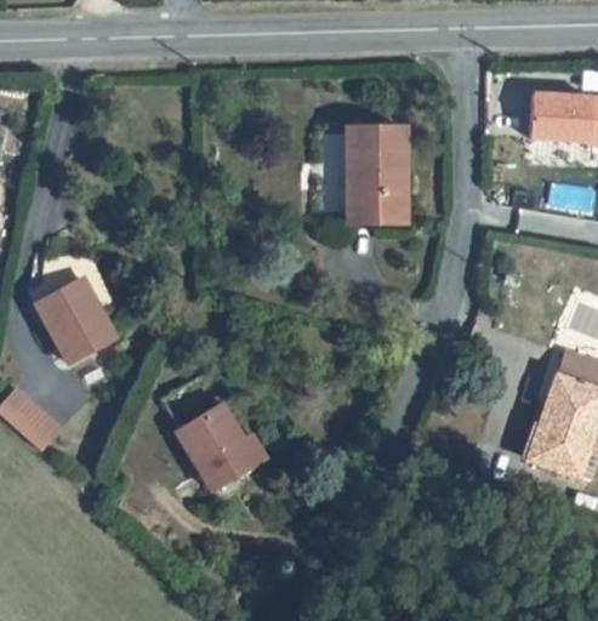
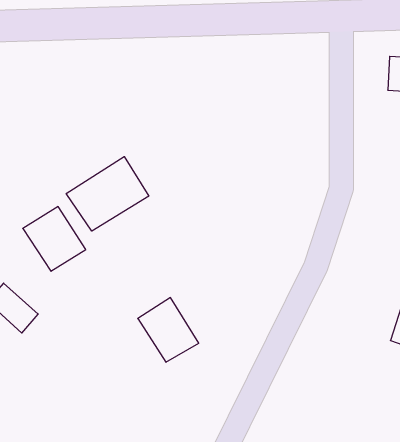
building: [342,115,408,212] -> none
building: none -> [66,157,149,231]

